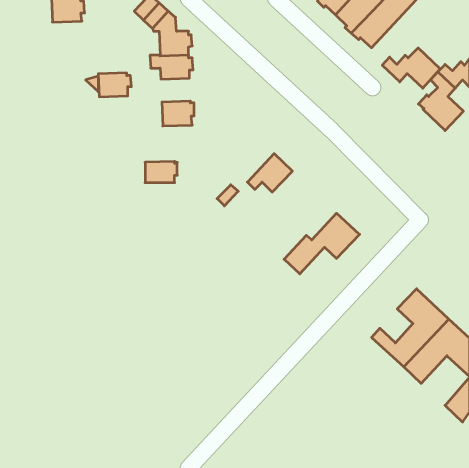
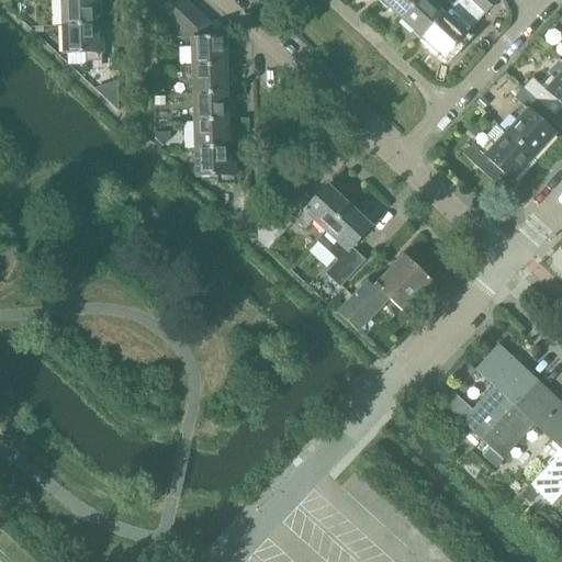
building: none -> [64,25,102,61]
building: [382,48,440,88] -> [463,131,532,179]
building: [98,73,131,97] -> [193,93,233,122]
building: [145,161,177,183] -> [195,149,234,175]
building: none -> [318,204,371,284]

